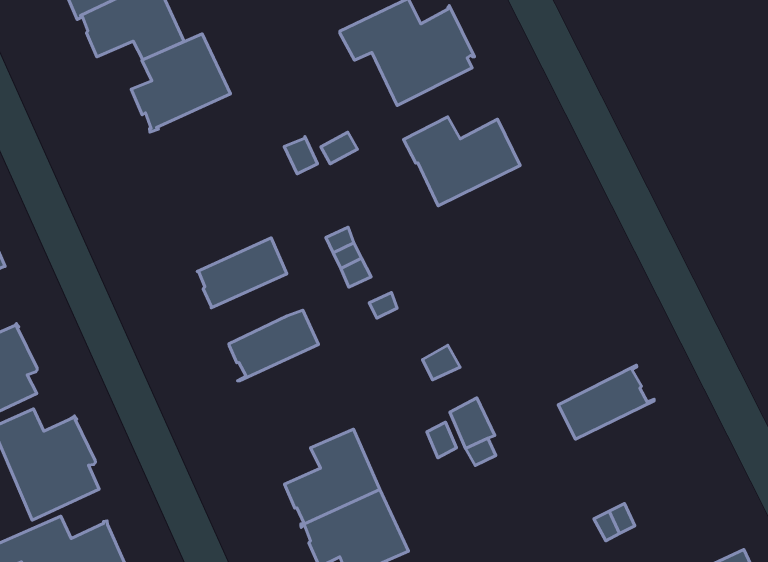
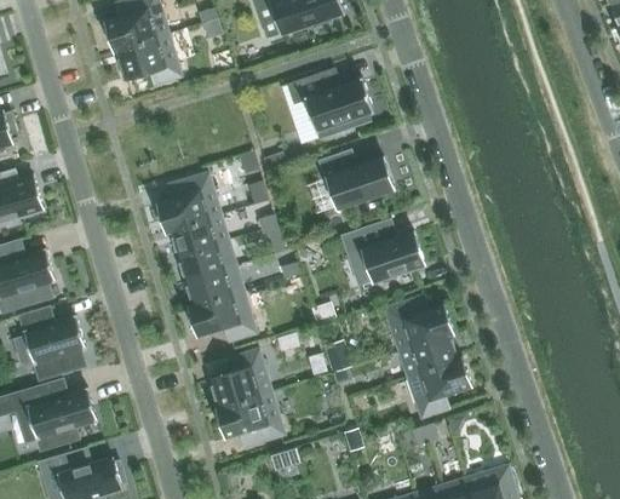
building: [131,34,230,132] -> [156,172,222,233]
building: none -> [340,219,425,281]
building: none -> [176,240,236,281]
building: none -> [383,294,453,351]
building: none -> [188,289,257,342]
building: none -> [406,357,471,418]

